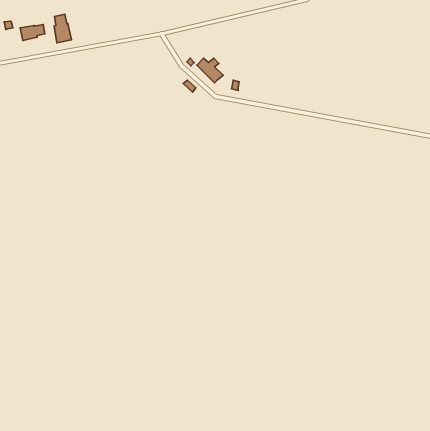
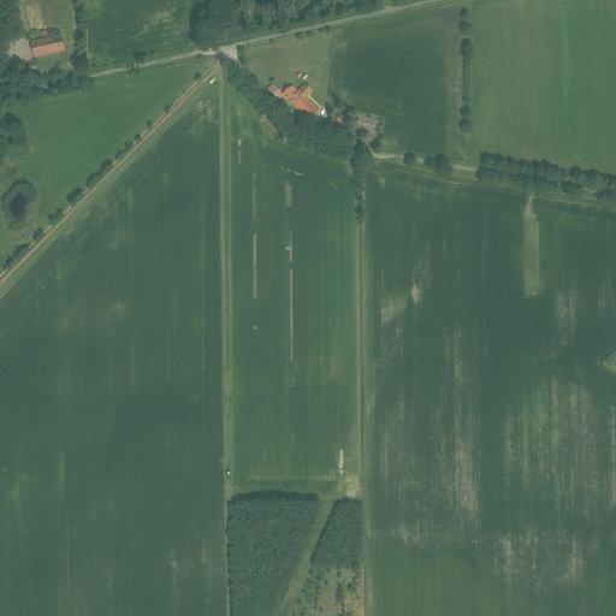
building: [54,14,71,43] -> none

